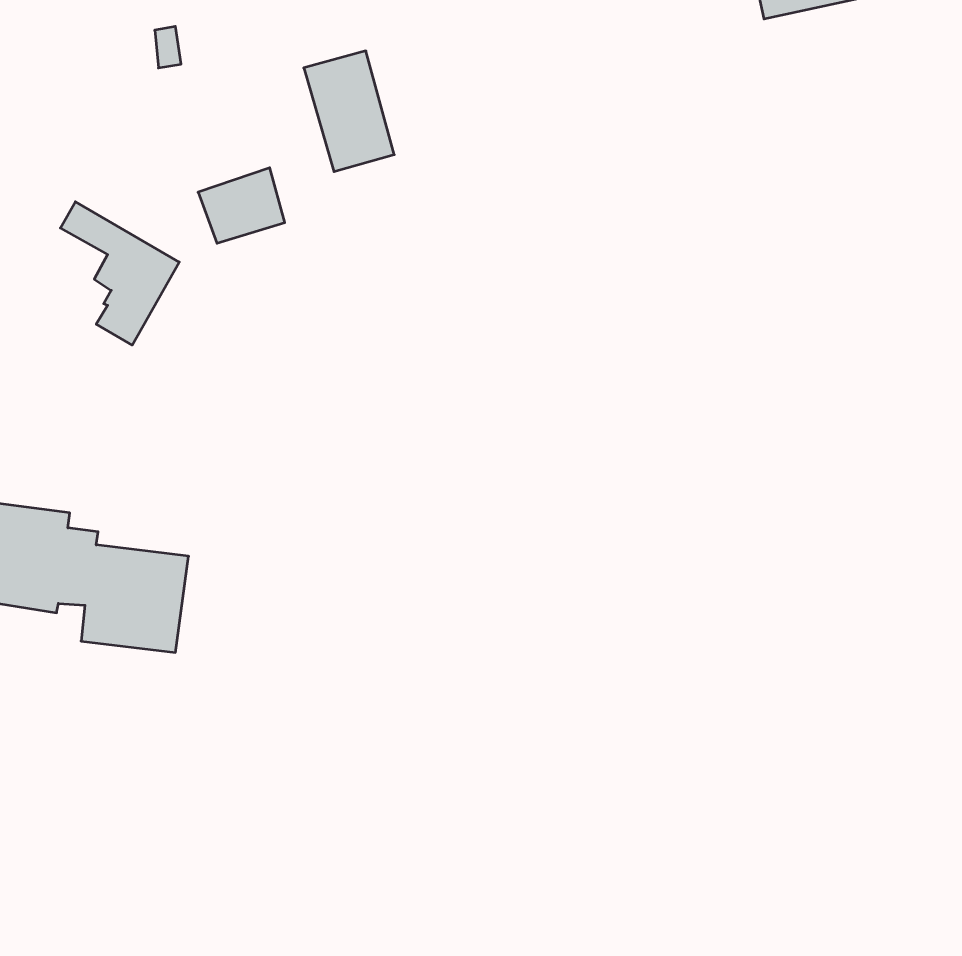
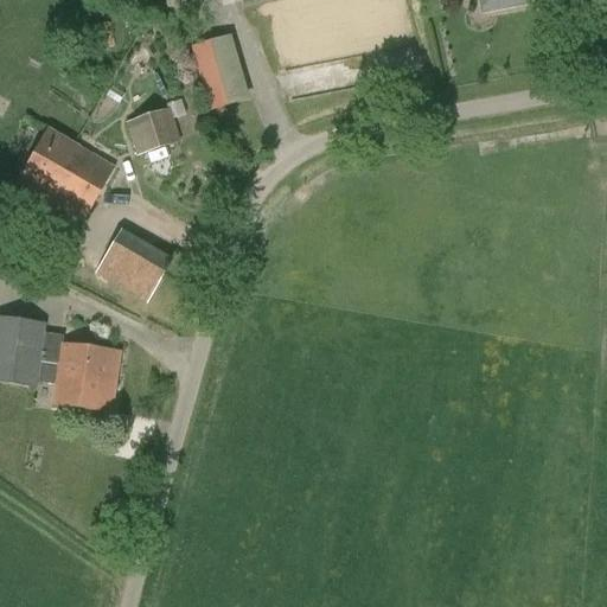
building: none -> [18,143,70,204]
building: none -> [94,226,171,301]

